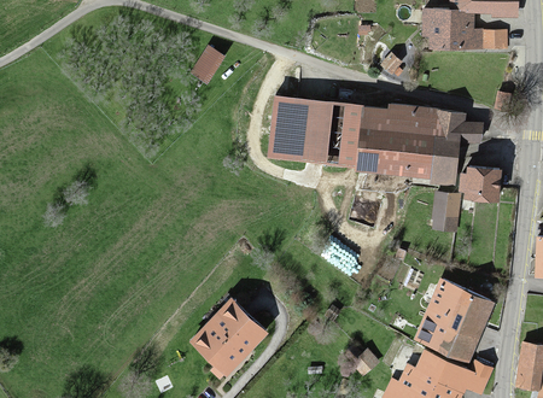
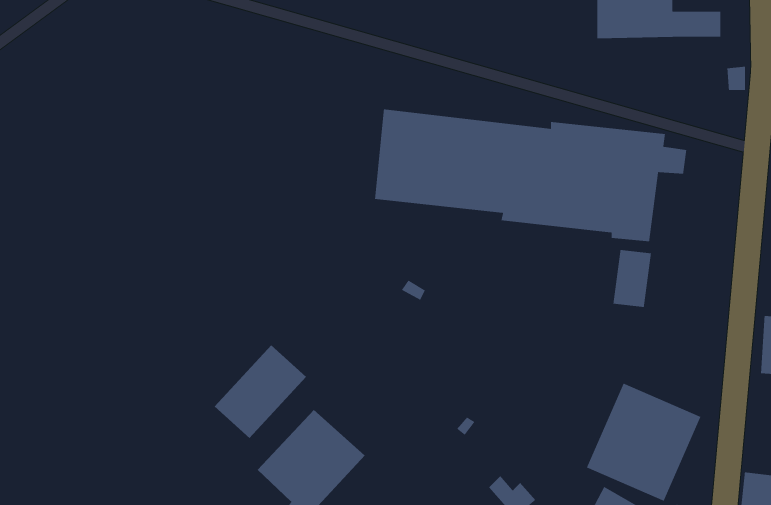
building: [192,46,223,80] -> none
building: [461,165,502,198] -> none
building: none -> [214,344,307,439]

